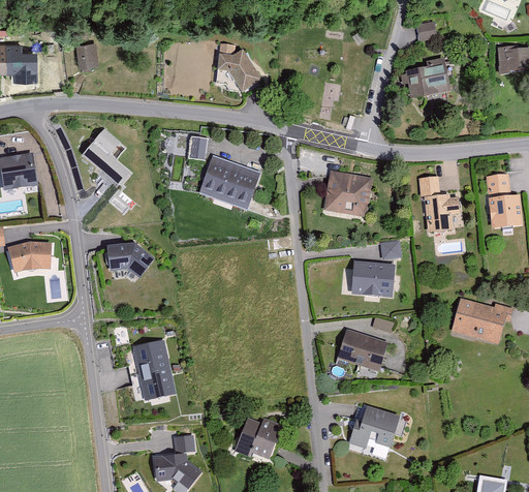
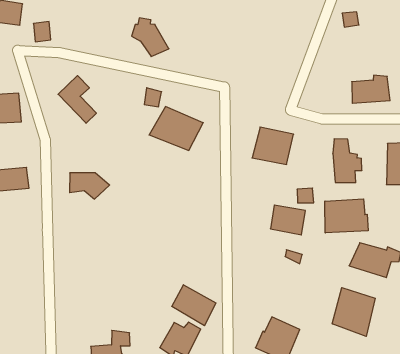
building: [81,44,103,70] -> [33,22,51,42]
building: [216,44,262,90] -> [132,18,169,57]
building: [403,60,452,96] -> [352,75,390,103]
building: none -> [325,199,368,233]
building: [339,330,386,369] -> none
building: [131,339,174,399] -> none
building: none -> [332,288,375,336]
building: none -> [172,285,216,326]

